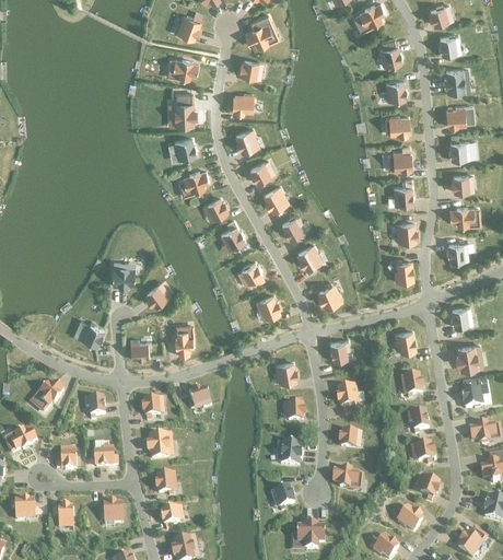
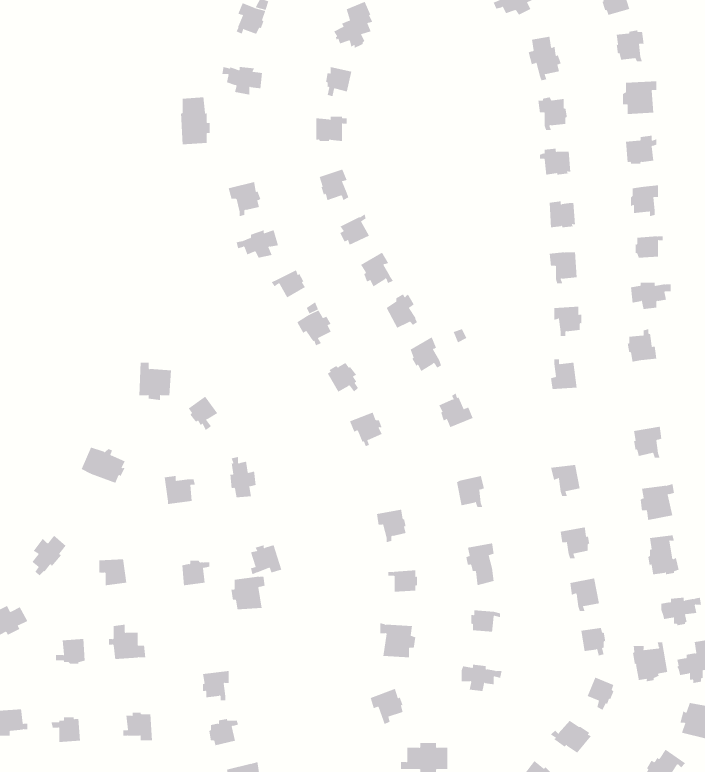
building: [174,93,195,126] -> [180,97,211,145]
building: [147,434,171,457] -> [230,576,266,610]
building: none -> [632,642,668,682]

